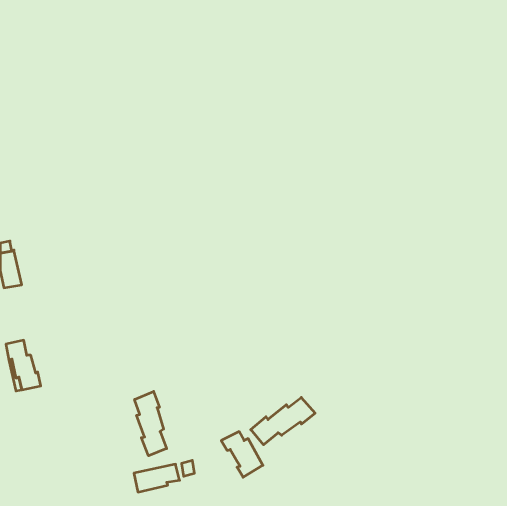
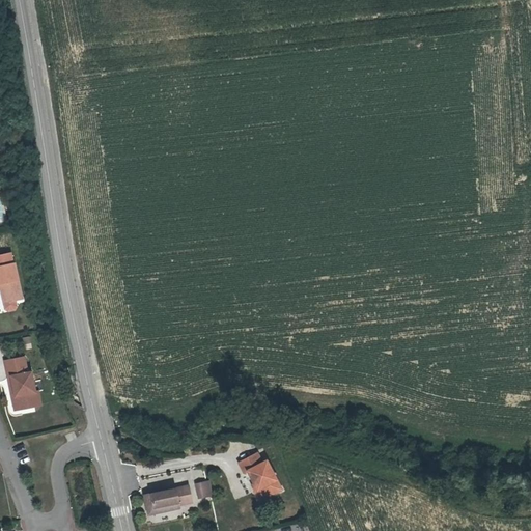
building: [135,391,167,456] -> none
building: [251,397,315,445] -> none

